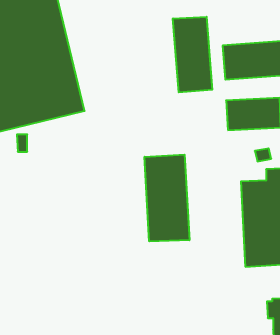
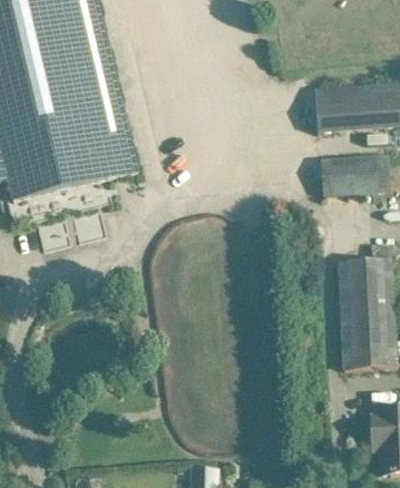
building: [173,17,212,92] -> none
building: [145,155,189,241] -> none

